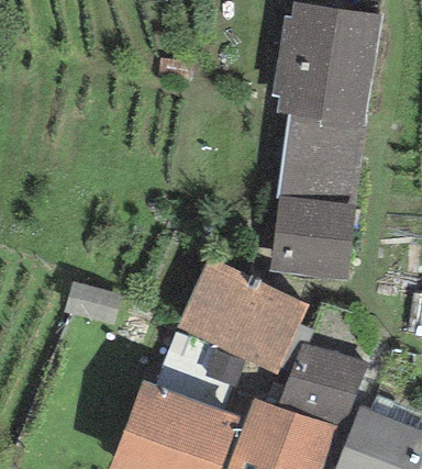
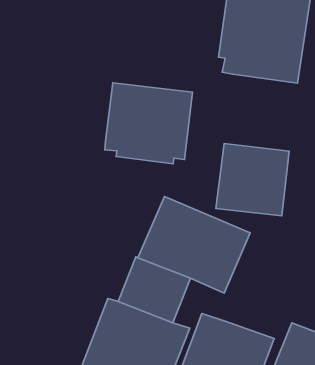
building: [279,114,366,205] -> none
building: none -> [105,83,192,164]
building: [279,344,367,429] -> none

